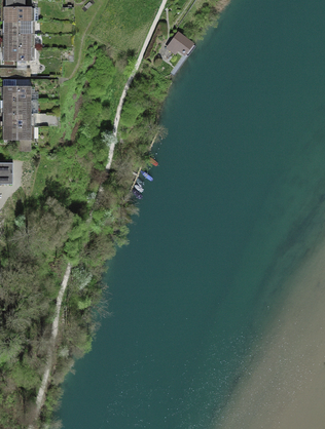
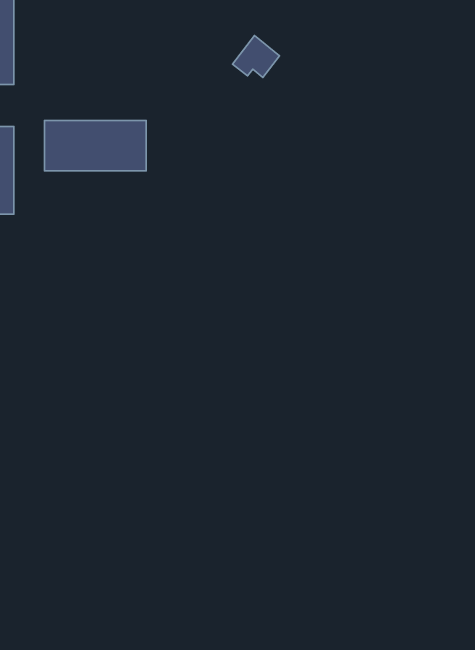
building: none -> [44,120,146,171]

